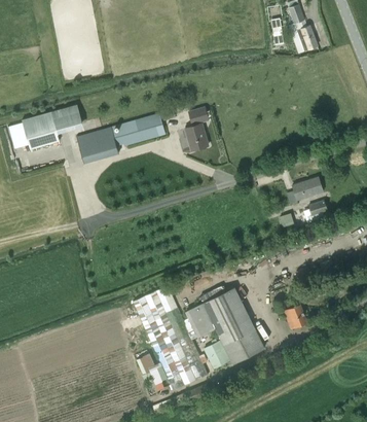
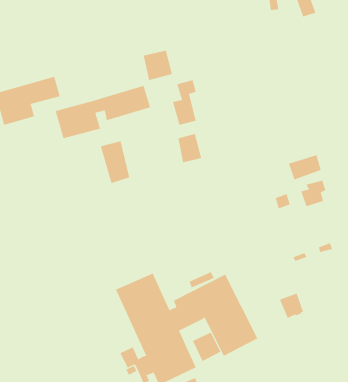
building: none -> [143,50,173,81]
building: none -> [178,133,202,163]
building: none -> [100,141,130,184]

